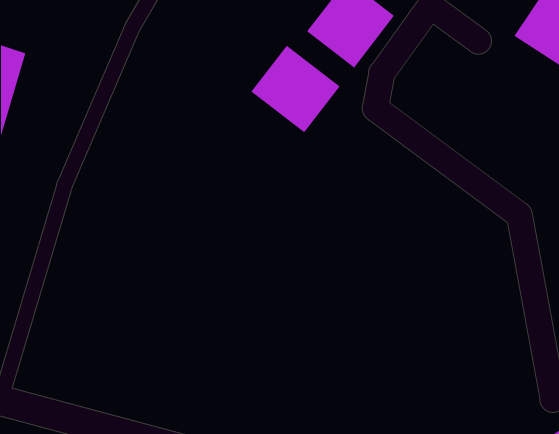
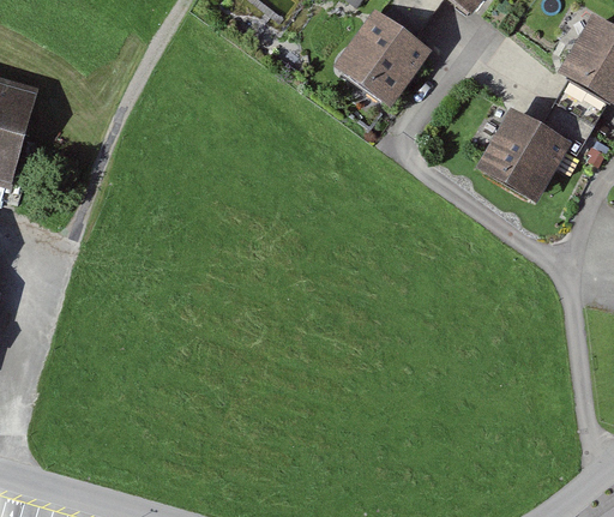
building: [250,45,341,133] -> none
building: none -> [477,108,571,202]

